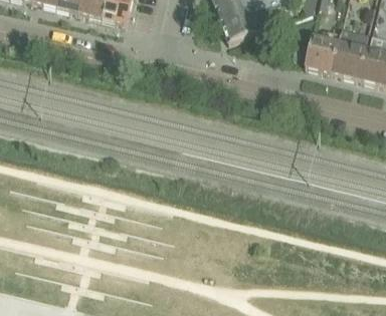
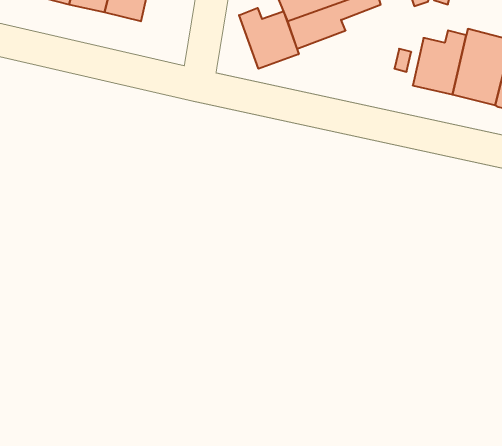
building: none -> [239,8,299,69]

